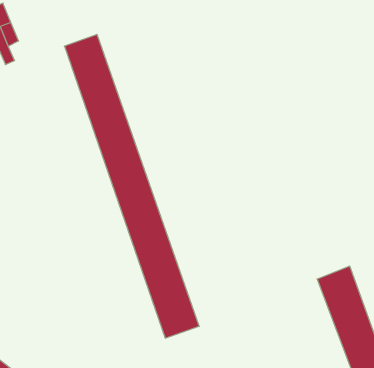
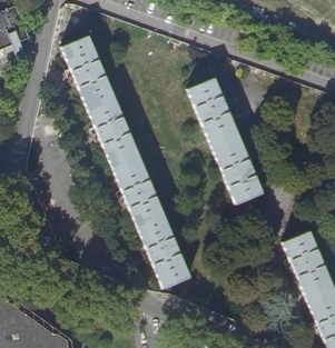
building: none -> [188,76,259,205]

